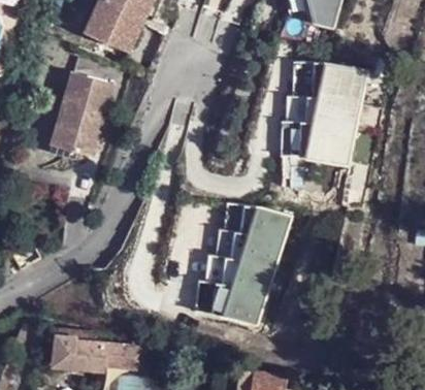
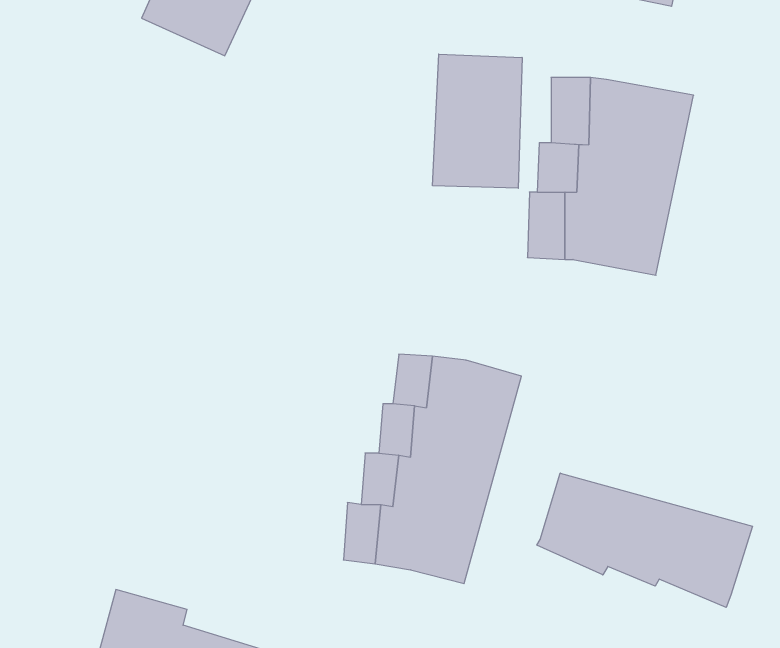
building: none -> [433,54,522,188]
building: [50,72,112,157] -> none
building: none -> [537,473,753,607]

